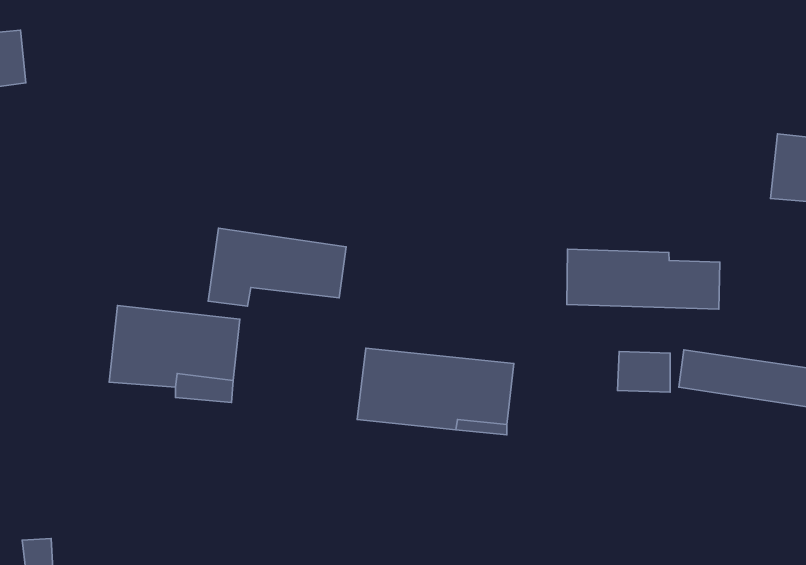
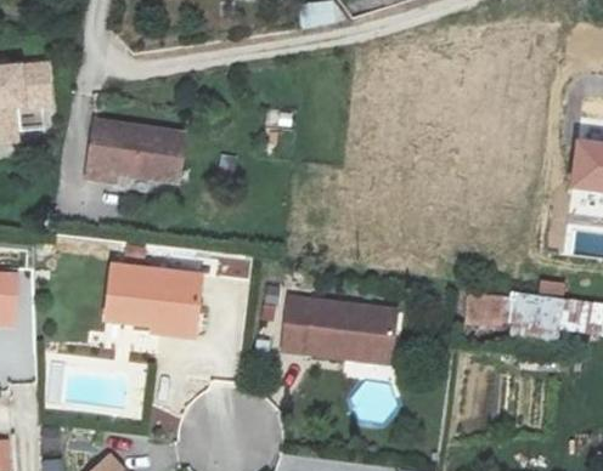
building: [208,228,346,306] -> [81,125,180,181]
building: [567,249,720,309] -> none

